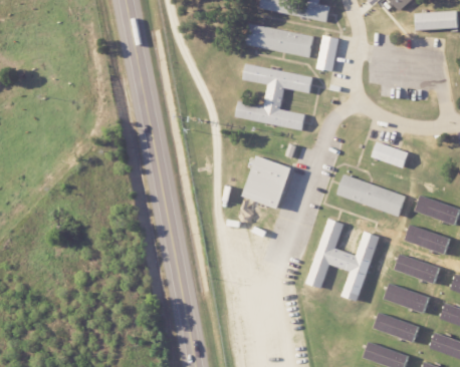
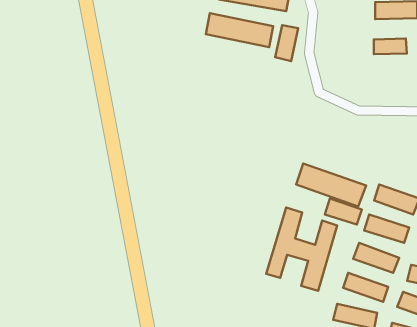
building: none -> [374,38,407,54]
building: [234,64,313,129] -> none
building: [371,141,408,167] -> [325,198,362,225]
building: [243,155,292,208] -> none

